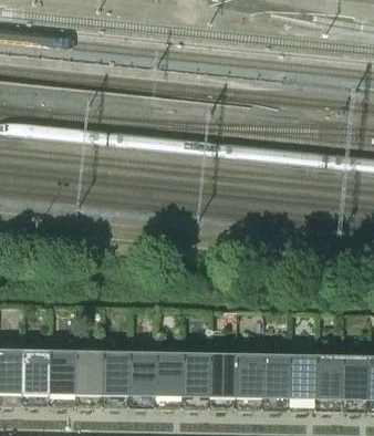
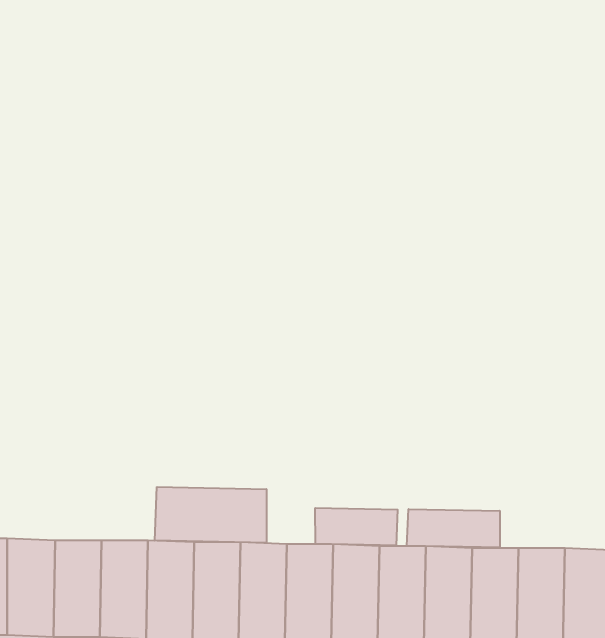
building: none -> [155,487,267,543]
building: none -> [315,508,398,545]
building: none -> [407,509,500,548]

